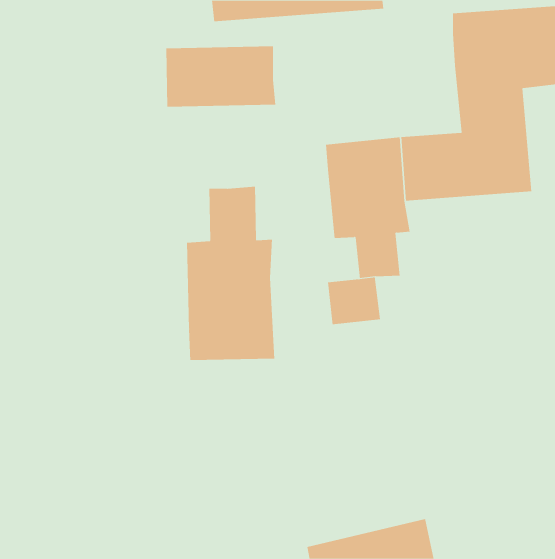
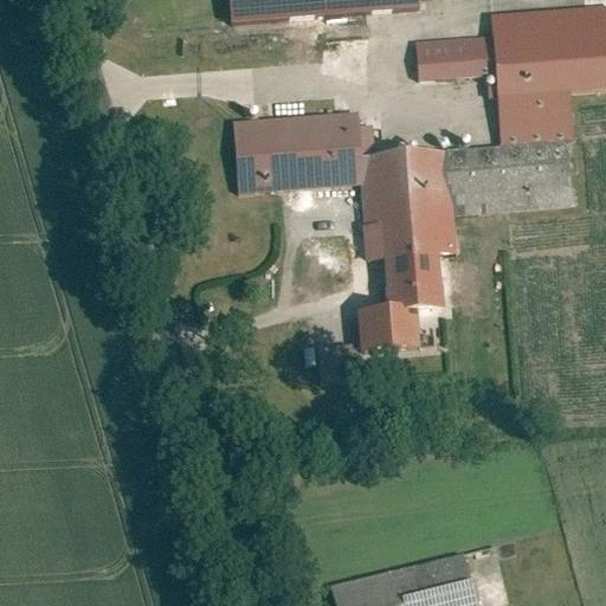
building: none -> [397,37,496,80]
building: [166,46,276,107] -> [239,120,359,186]
building: [186,186,275,361] -> none

